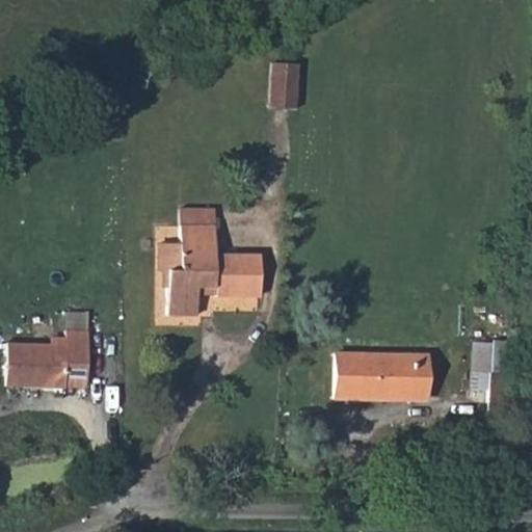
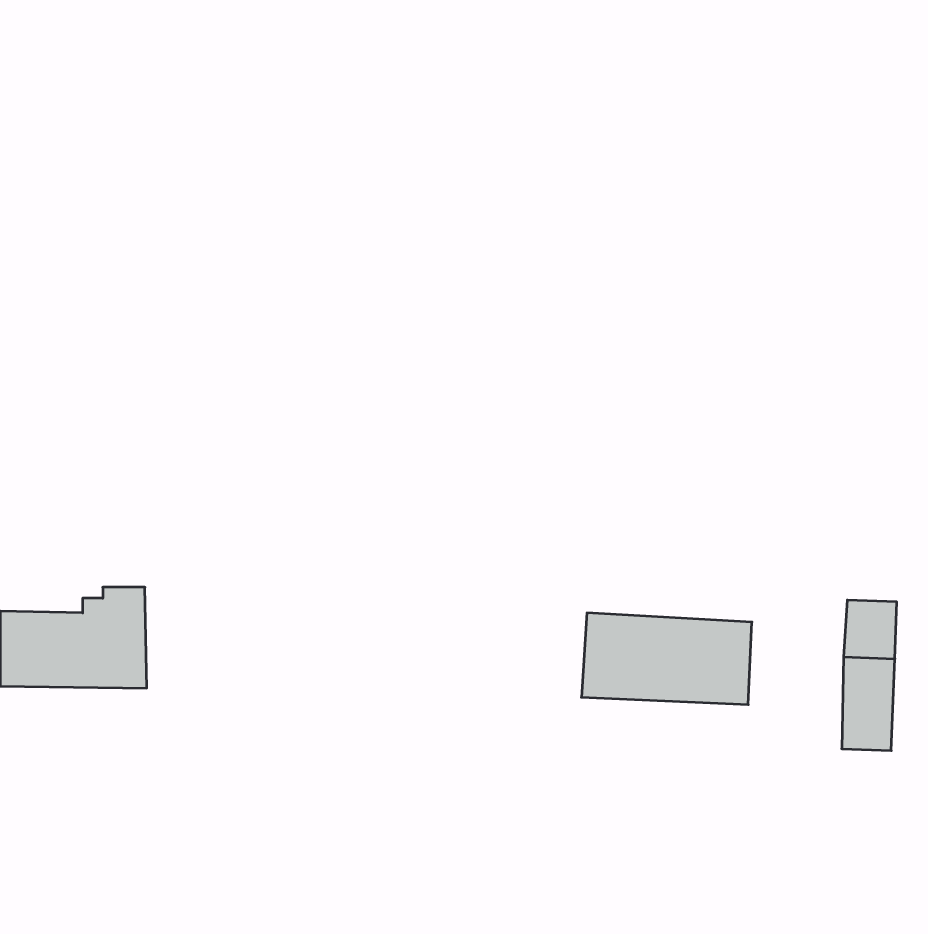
building: [264,69,293,110] -> none
building: [167,221,261,311] -> none

